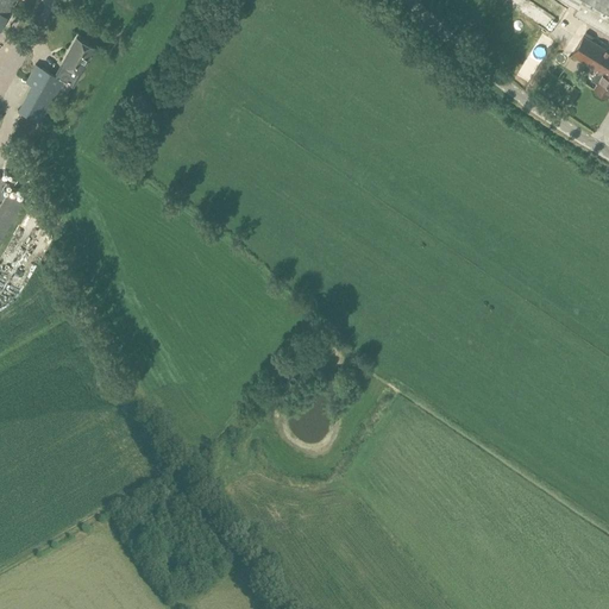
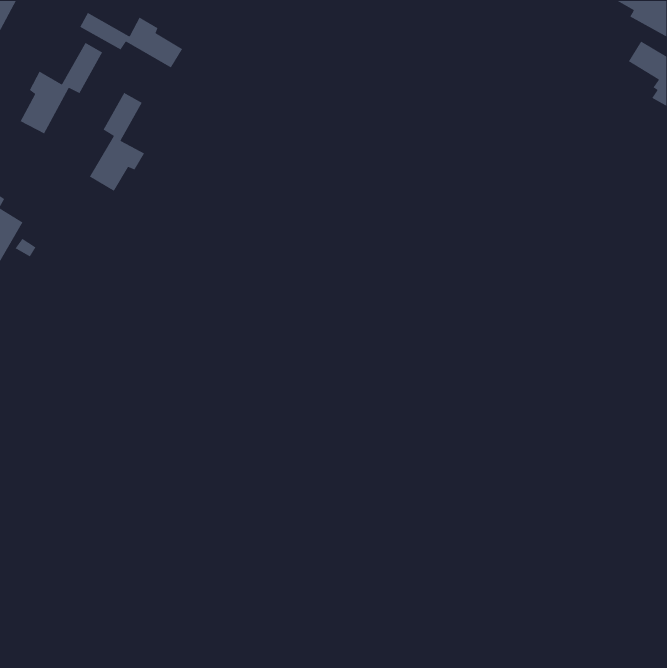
building: none -> [79,12,183,69]
building: none -> [89,92,145,192]

